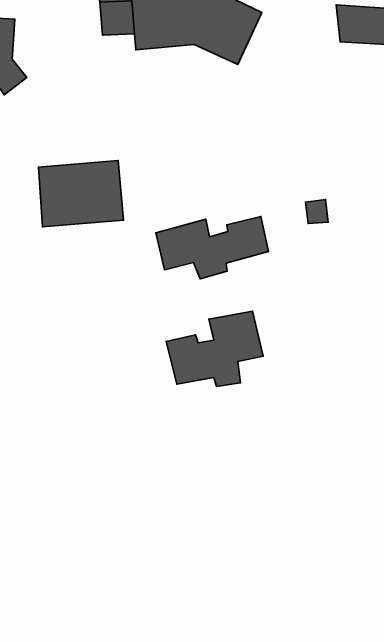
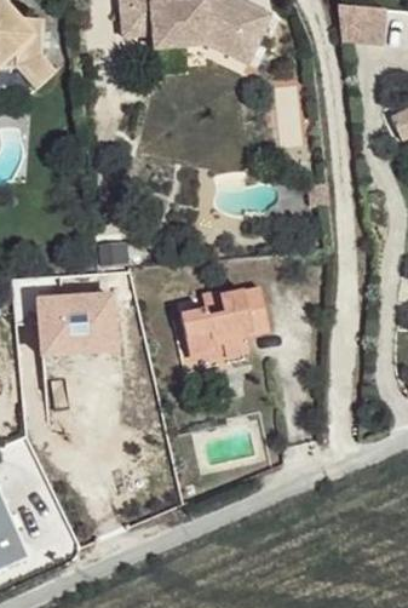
building: [38,160,123,227] -> [39,291,116,351]
building: [156,217,268,279] -> none

